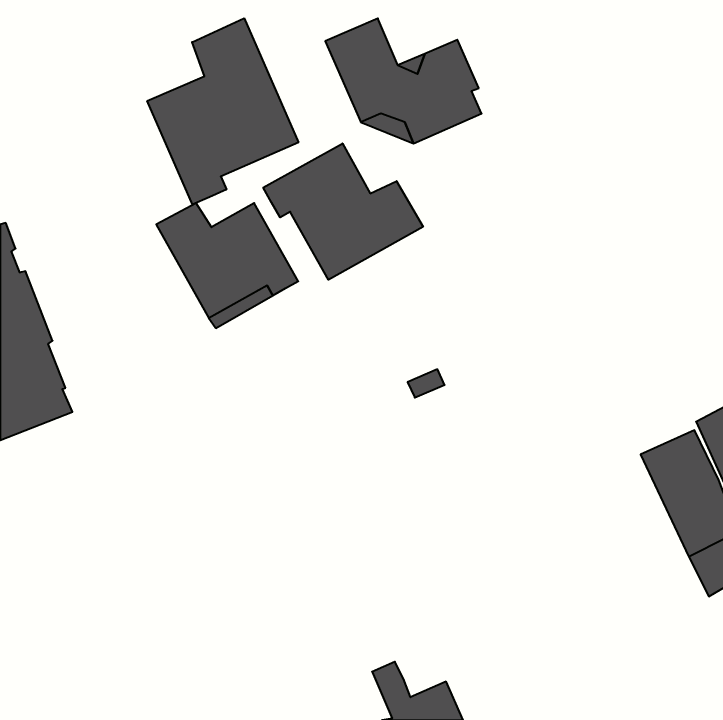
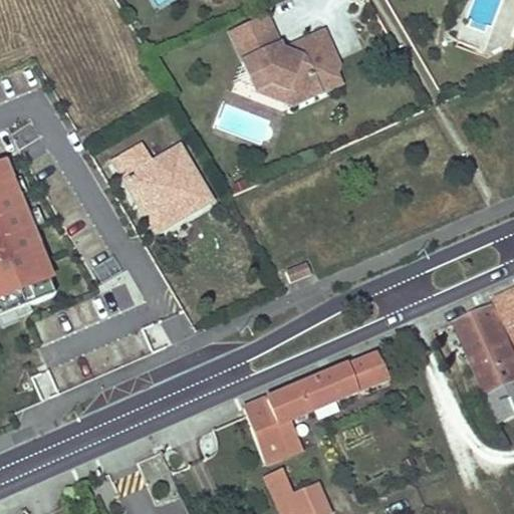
building: [147,18,298,205] -> none
building: [263,143,423,280] -> none
building: none -> [243,351,389,461]

